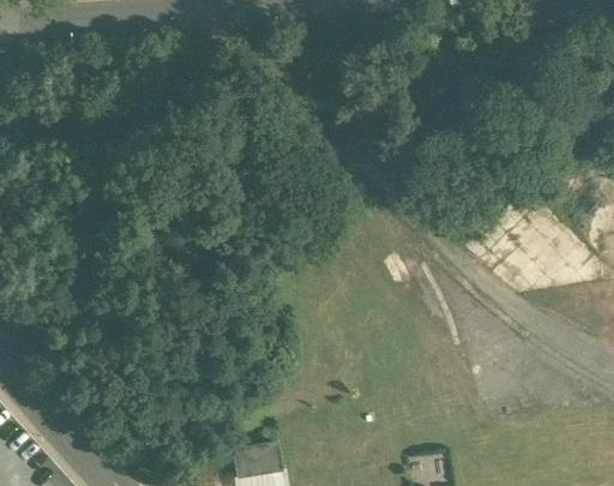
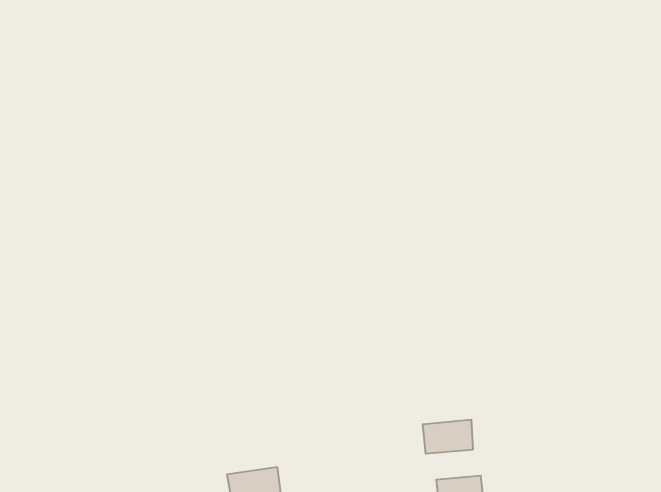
building: none -> [423,420,473,454]

